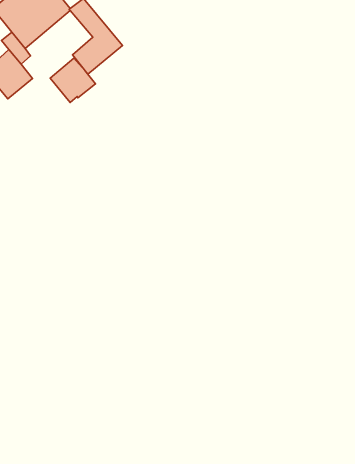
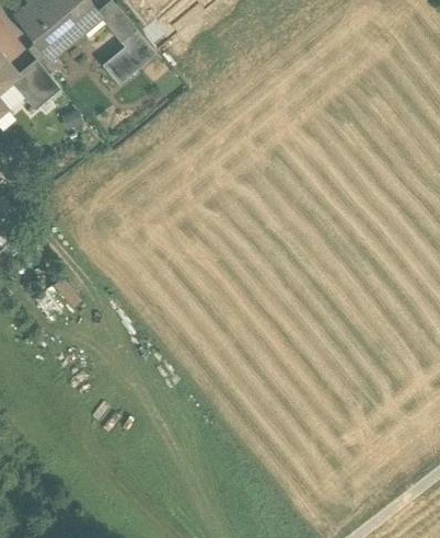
building: [50,58,95,102] -> none

